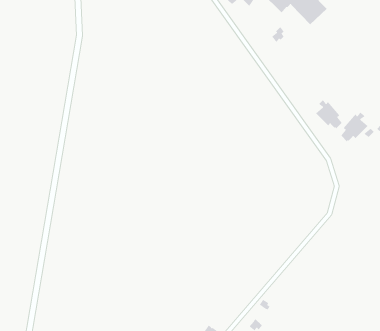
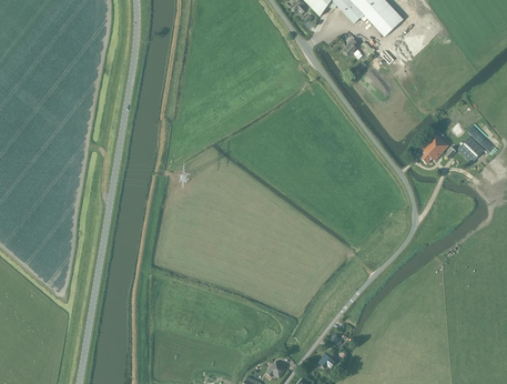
building: [315,99,342,129] -> none

